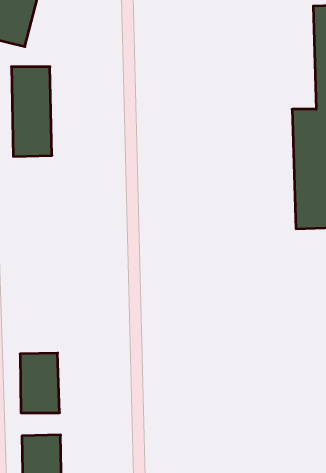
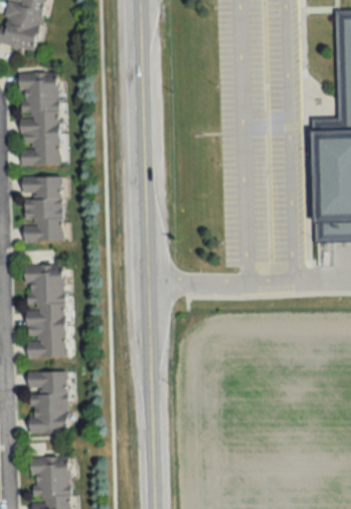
building: none -> [22,176,64,242]
building: none -> [25,266,66,358]

